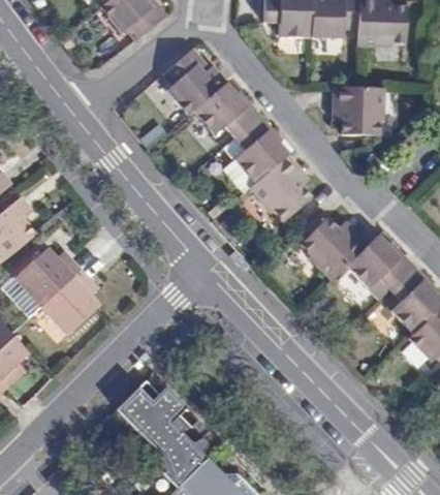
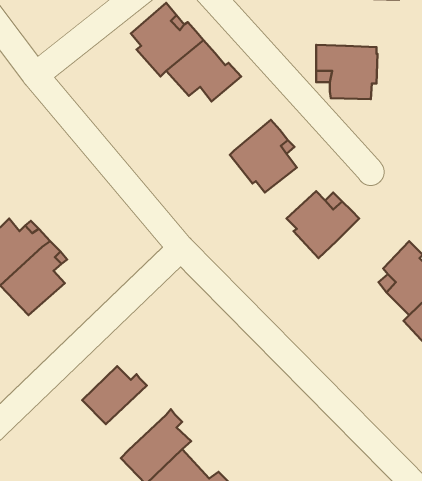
building: [233,116,287,183] -> none
building: [347,235,413,290] -> none
building: [137,397,192,456] -> none

